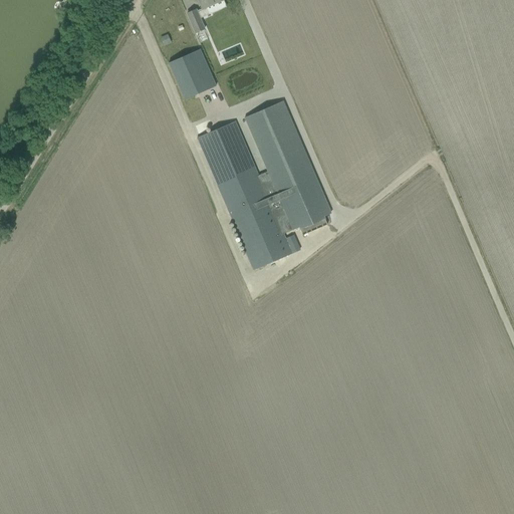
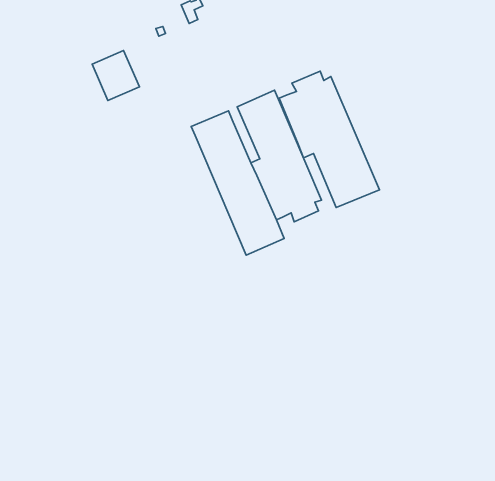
building: [169,47,217,98] -> [92,50,139,100]
building: none -> [279,71,379,207]

